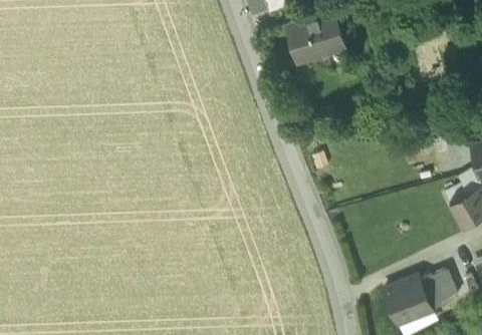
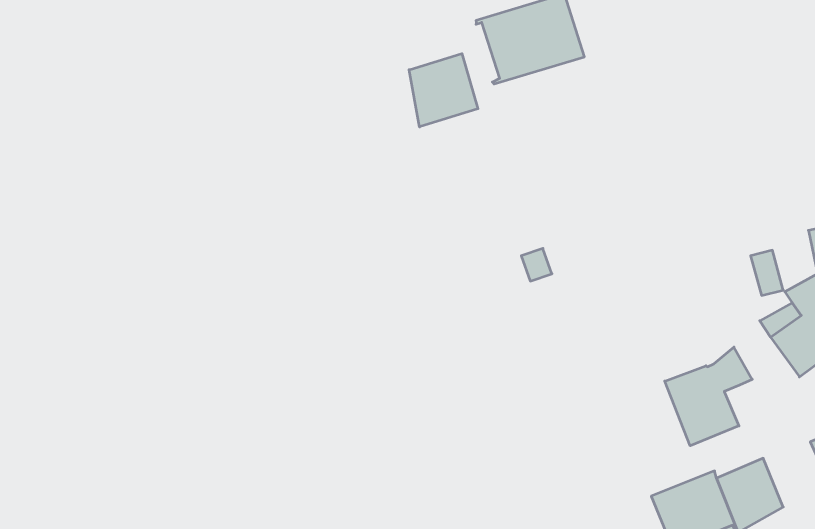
building: none -> [409,54,478,127]
building: none -> [665,347,752,446]

